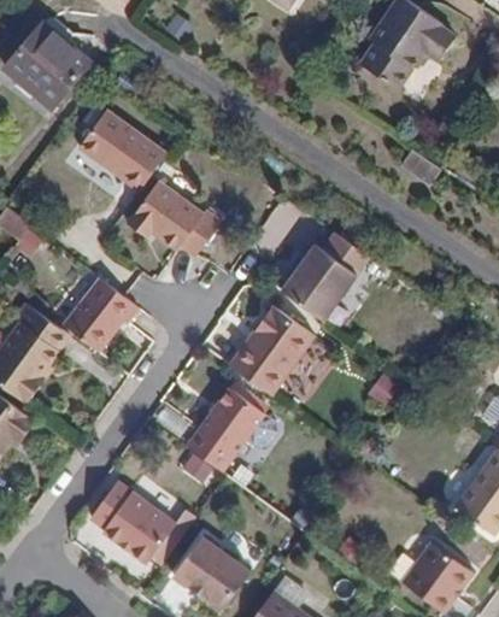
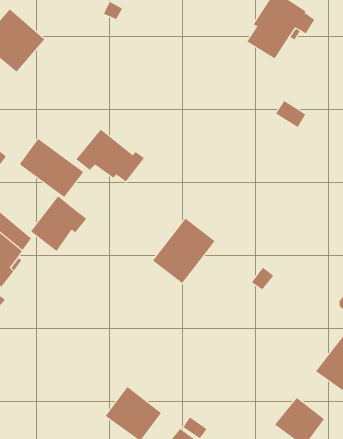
building: [83,111,171,192] -> [19,138,84,198]
building: [283,240,369,322] -> none
building: [183,384,263,469] -> none
building: [90,478,170,558] -> none

